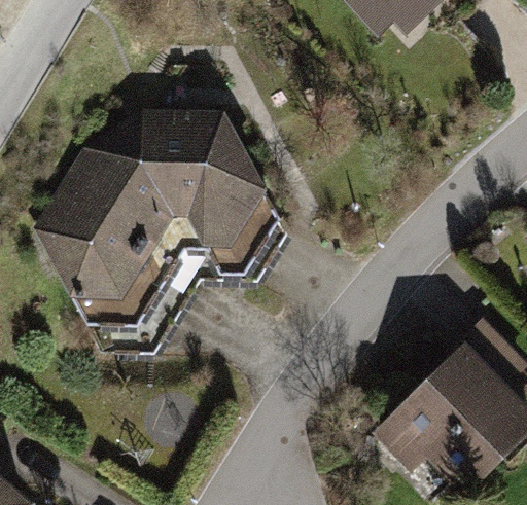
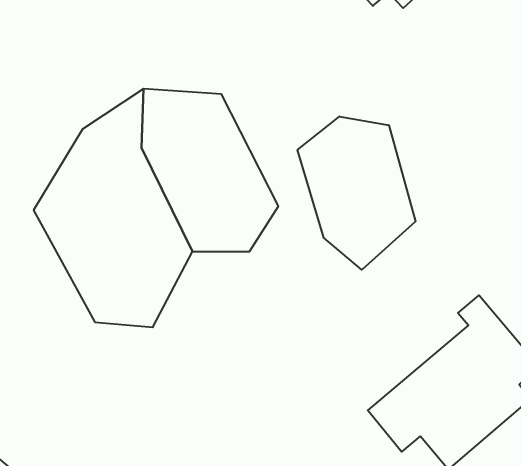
building: none -> [298,116,416,270]

